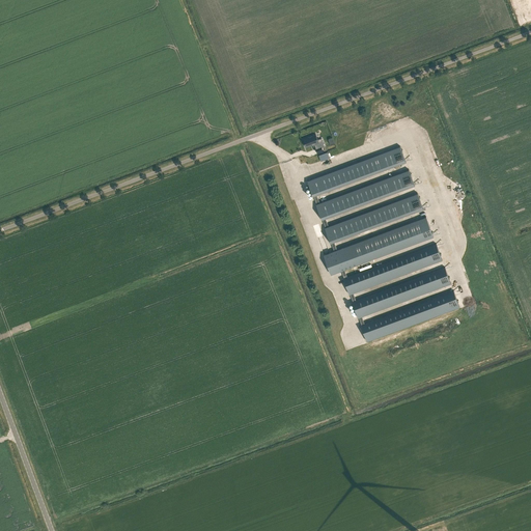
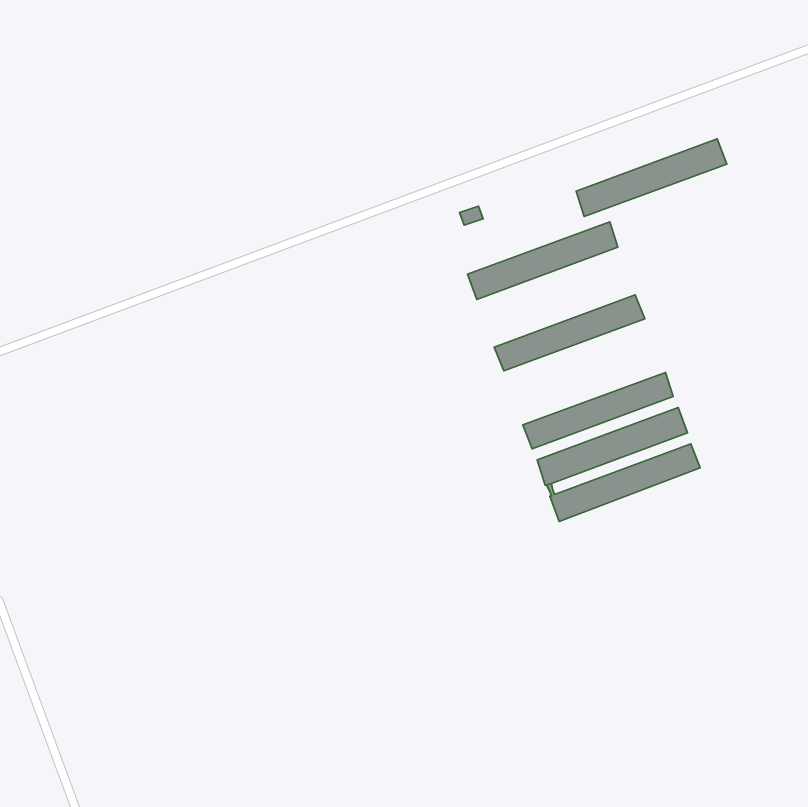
building: [315,171,414,222] -> [576,139,727,217]
building: [323,218,432,276] -> none

